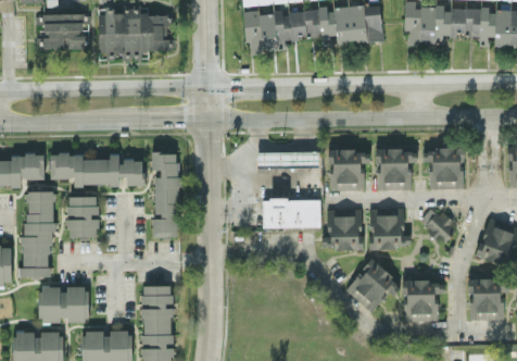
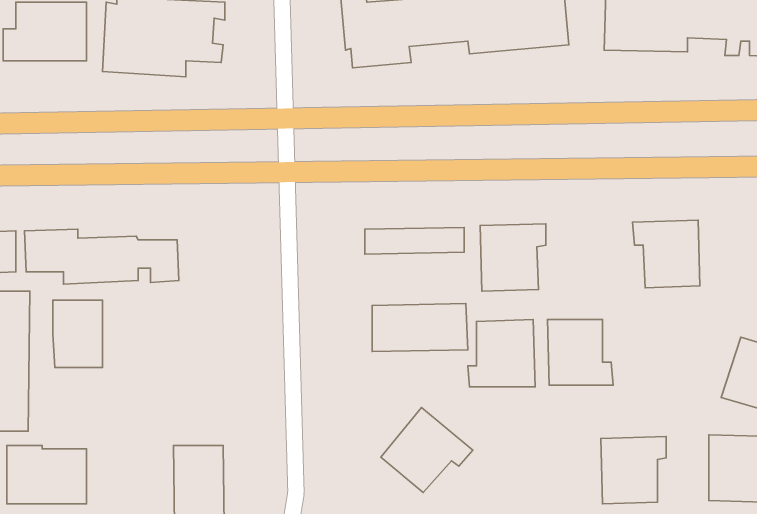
building: [377,150,417,190] -> none
building: [151,152,179,238] -> none
building: [421,209,456,244] -> none
building: [345,260,402,312] -> [381,408,473,493]

